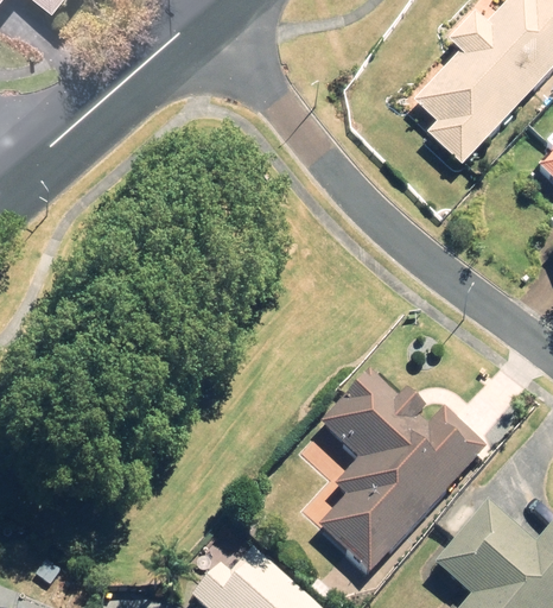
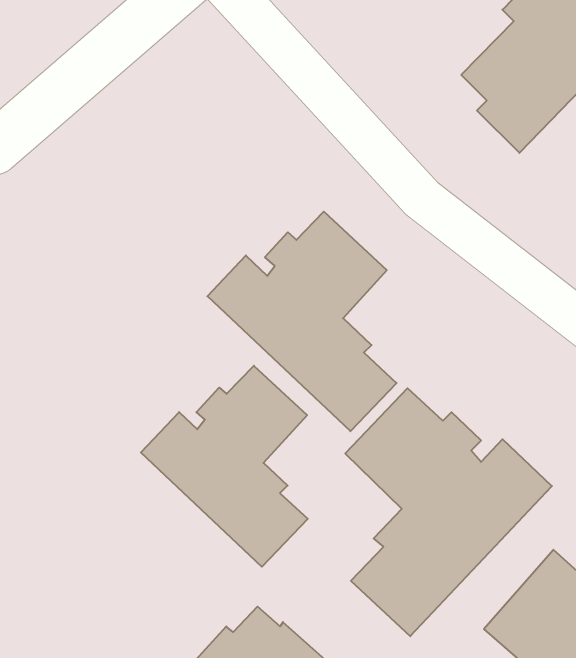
building: none -> [207,212,397,431]
building: none -> [141,366,308,567]

